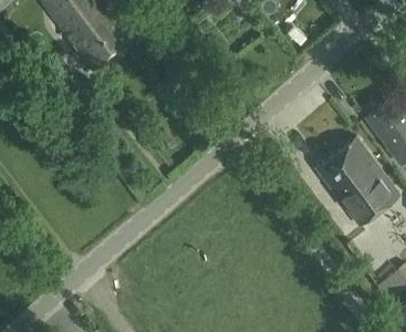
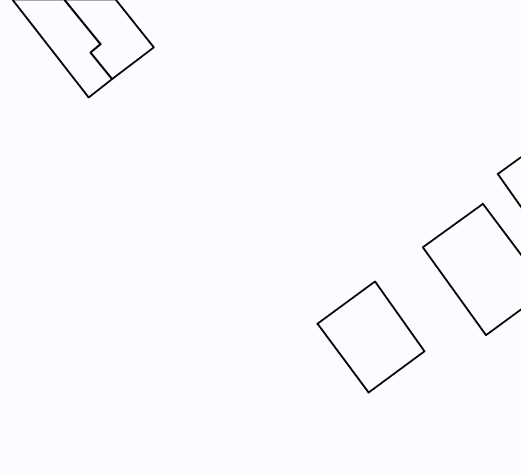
building: none -> [317,282,424,393]

